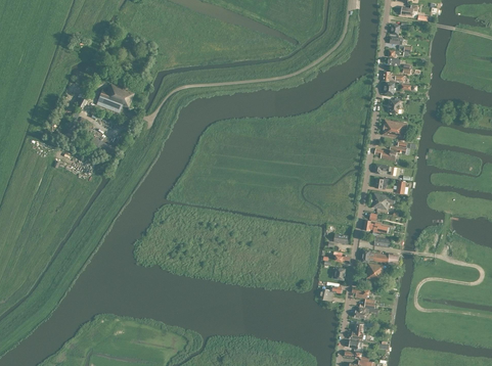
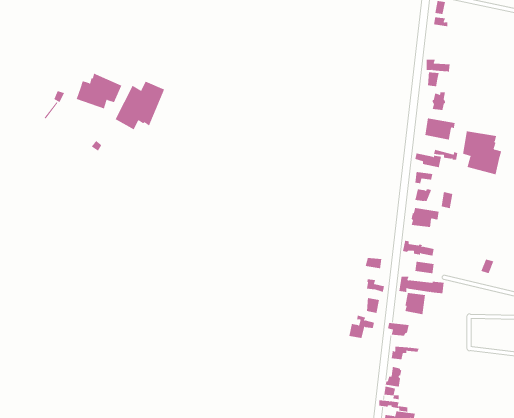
building: none -> [115,81,165,130]
building: none -> [462,130,502,175]

